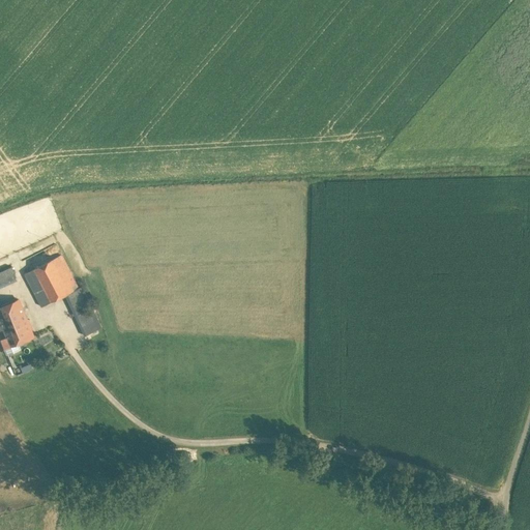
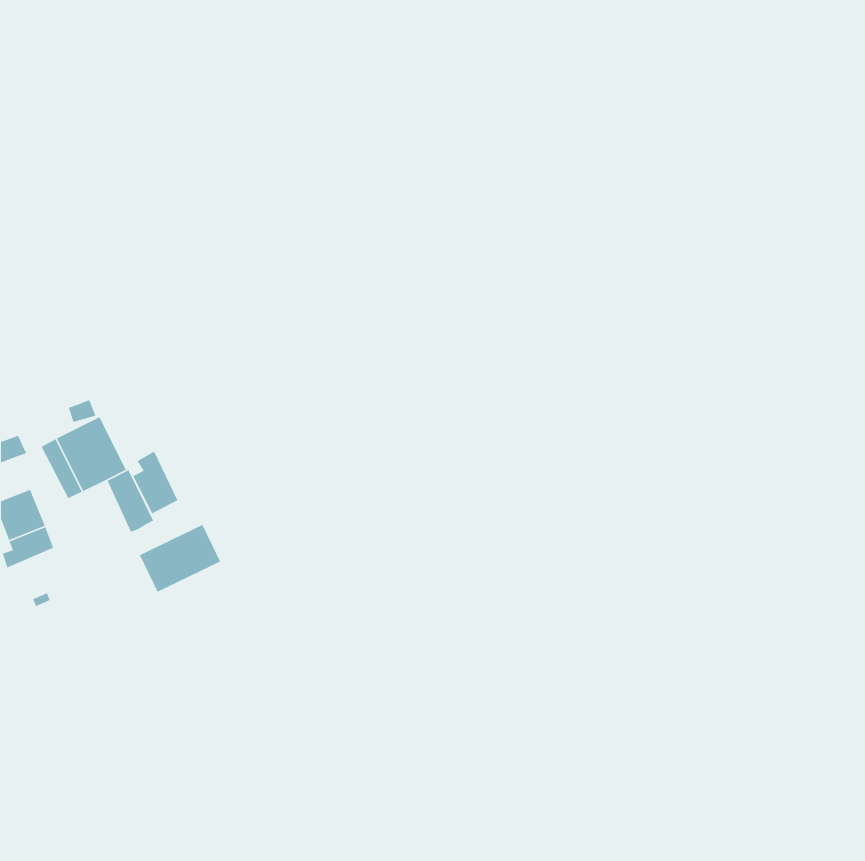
building: none -> [132,451,179,514]
building: none -> [139,524,221,593]

